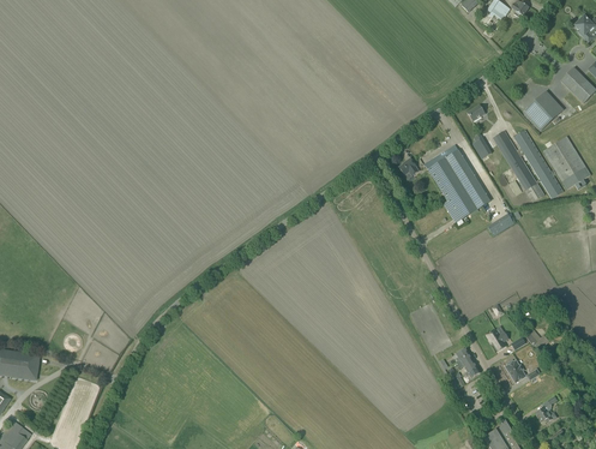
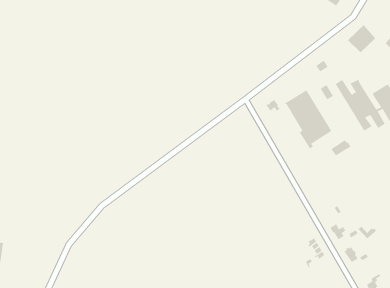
building: [523,90,562,130] -> [347,24,376,53]

